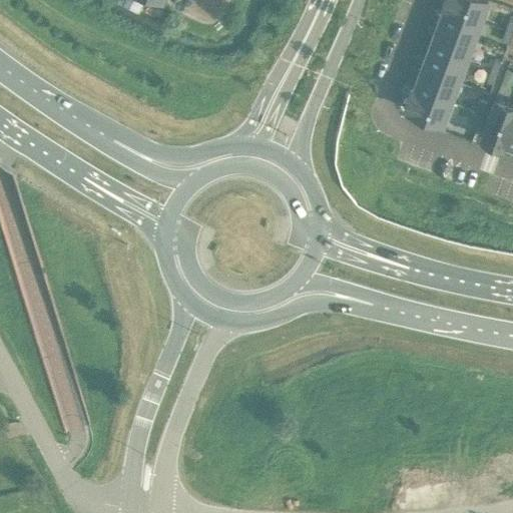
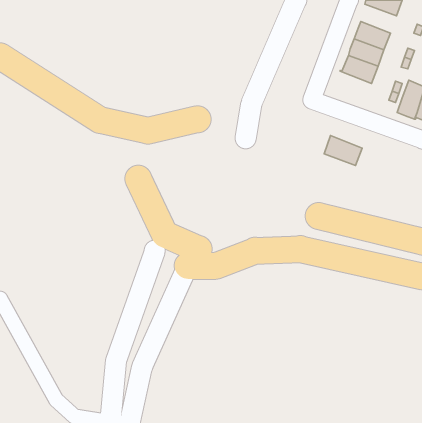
building: [438,5,481,40] -> none
building: [405,86,451,122] -> [324,136,362,165]

